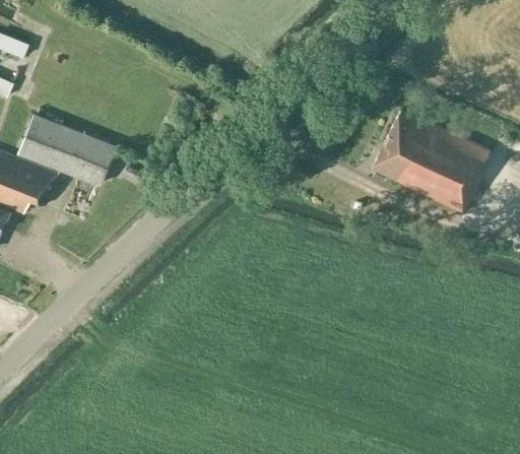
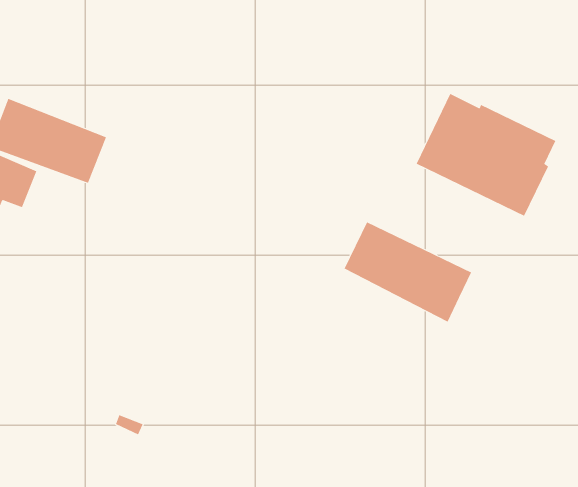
building: none -> [344,221,472,322]

